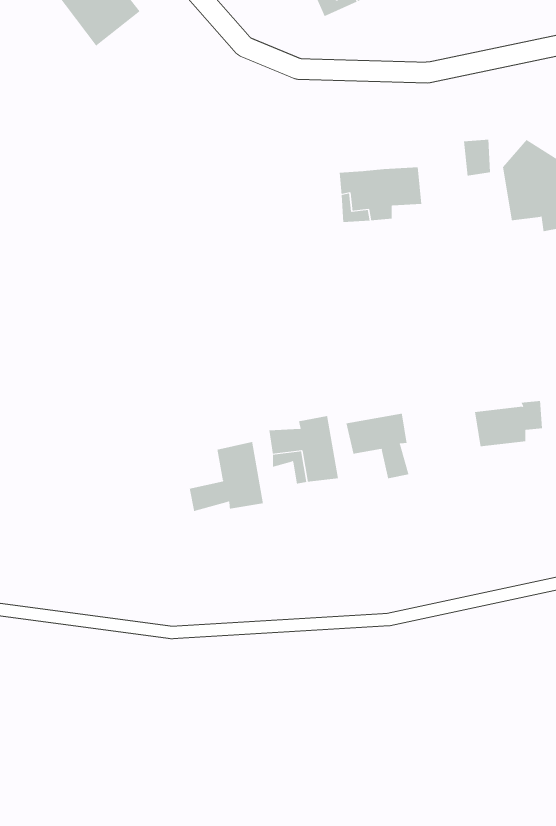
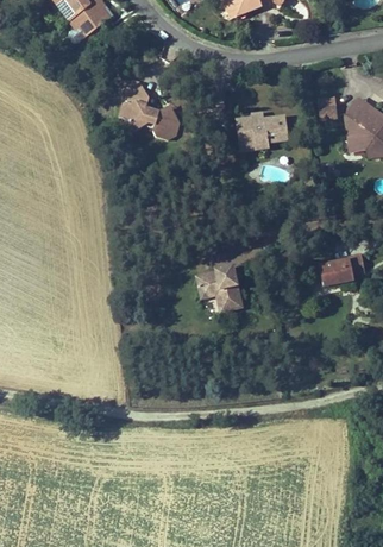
building: none -> [119,76,181,137]
building: [346,413,409,479] -> none
building: [189,441,263,512] -> none

